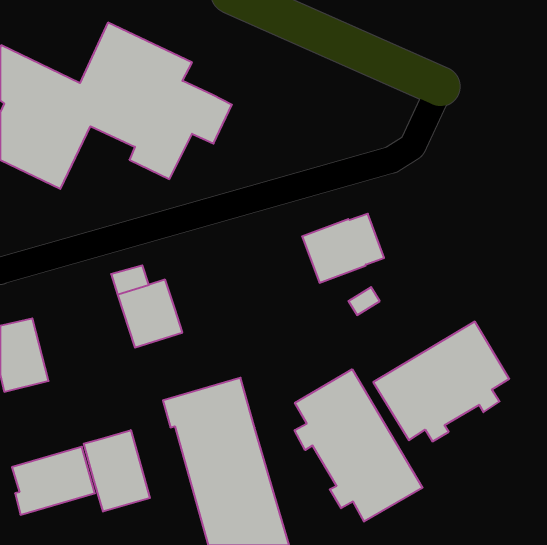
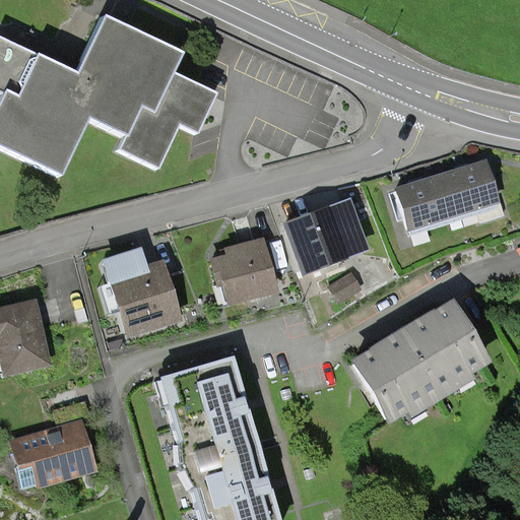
building: none -> [398,159,498,224]
building: none -> [215,238,273,297]
building: [295,369,423,522] -> none
building: [84,430,150,512] -> none

